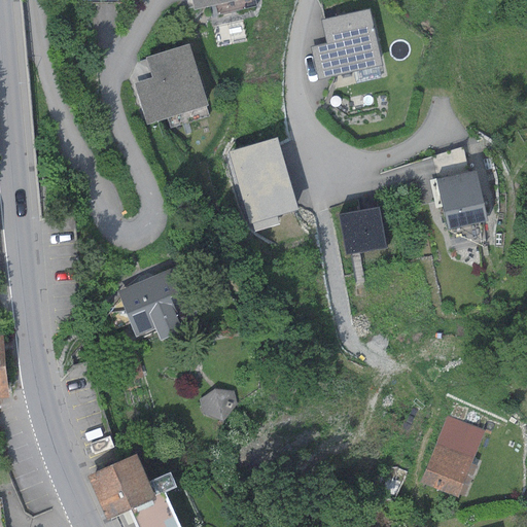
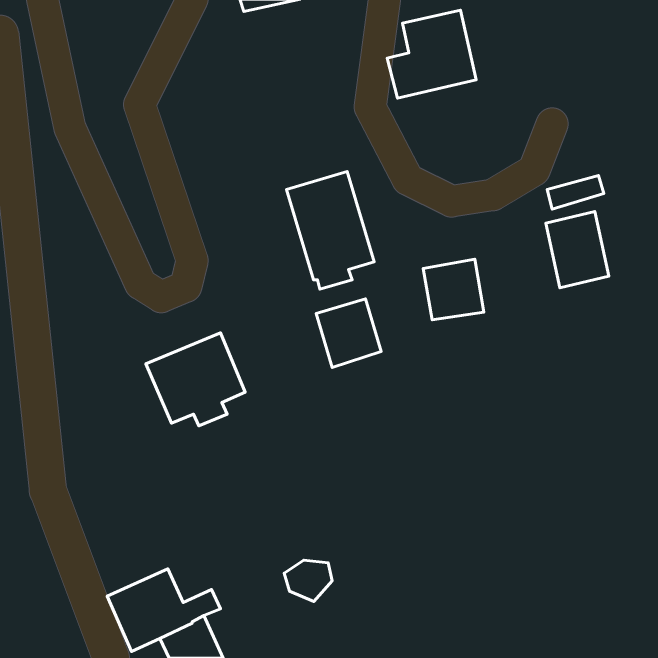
building: [135,43,211,128] -> none
building: none -> [316,299,381,367]
building: [200,388,238,421] -> [284,560,332,601]
building: [420,414,486,497] -> none

